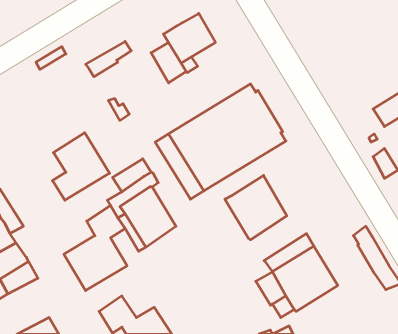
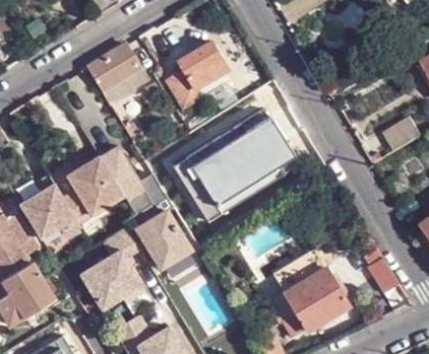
building: none -> [87,44,139,89]
building: none -> [101,146,157,200]
building: none -> [21,184,83,239]
building: [225,175,287,240] -> none

